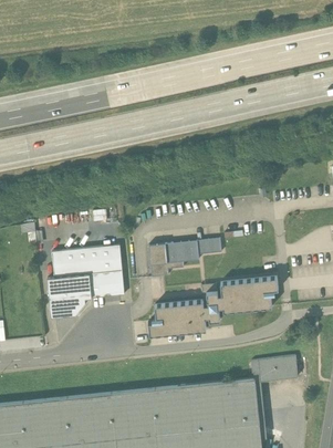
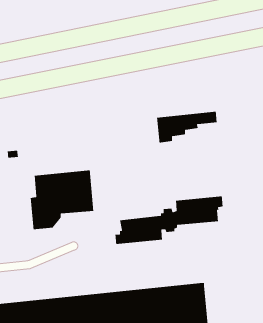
building: [148,237,221,275] -> [156,111,217,143]
building: [250,356,298,383] -> none

